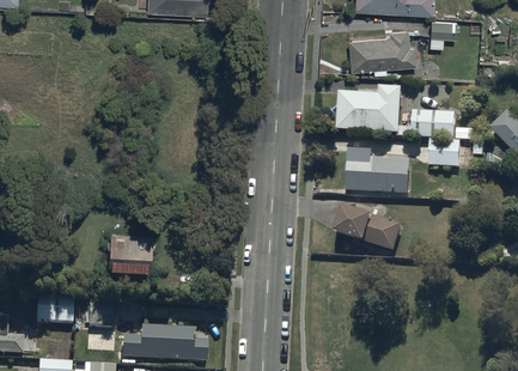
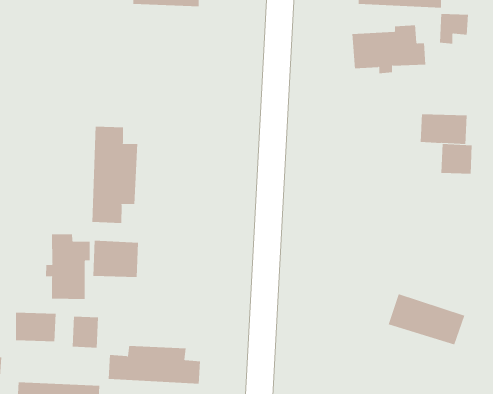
building: [334,86,402,130] -> none
building: none -> [92,126,138,224]
building: [347,148,410,191] -> none
building: [329,202,401,250] -> [388,294,465,345]
building: none -> [45,234,90,300]

